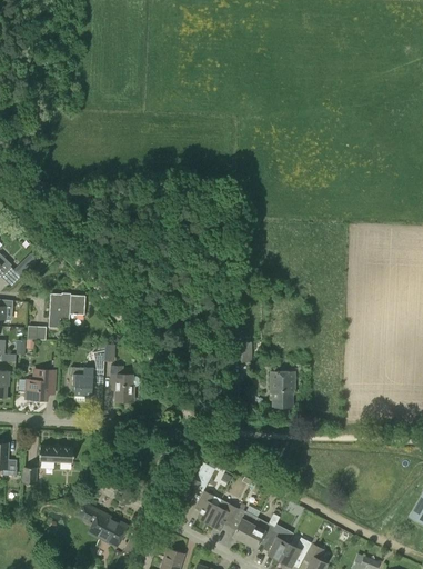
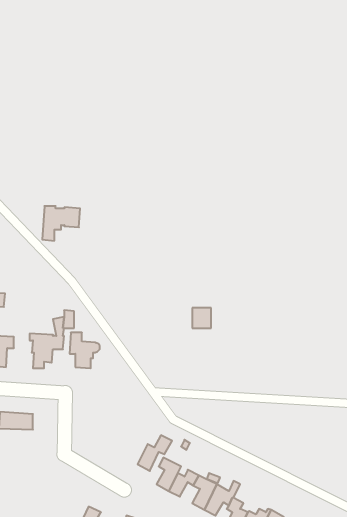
building: [48,293,85,328] -> [42,206,80,241]
building: [270,370,294,407] -> none
building: [74,501,127,545] -> none

